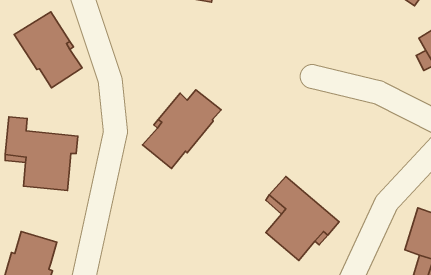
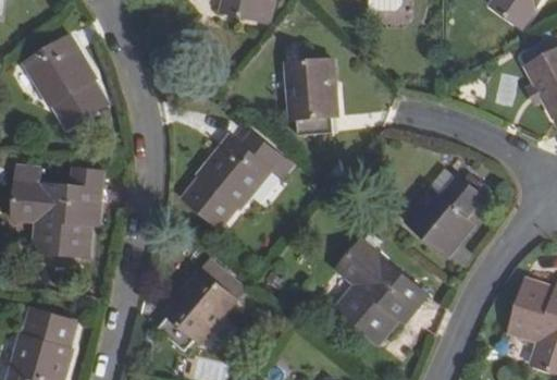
building: none -> [285,45,338,134]
building: none -> [406,174,484,256]
building: none -> [158,258,245,353]

